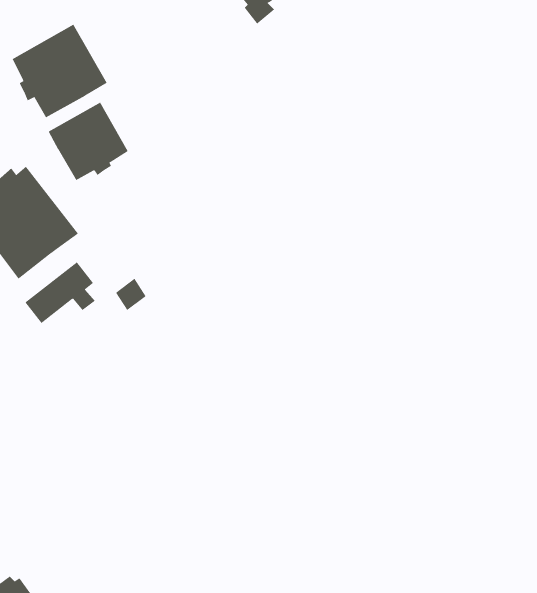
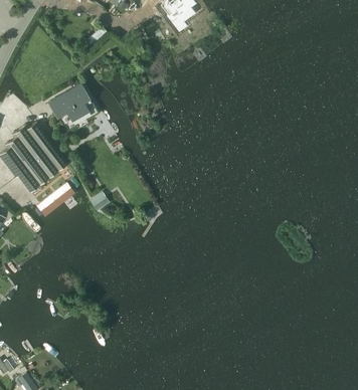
building: [12,24,108,118] -> none

